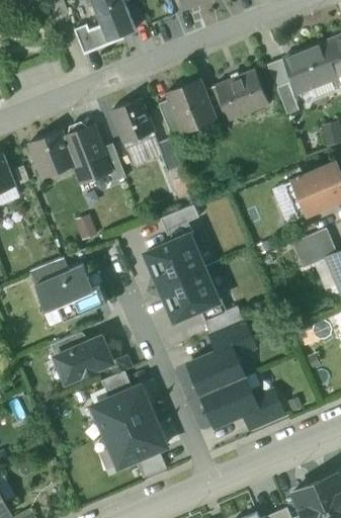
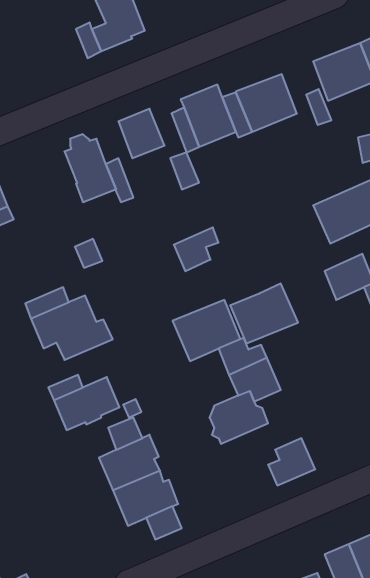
building: [29,131,76,178] -> none
building: [146,234,205,286] -> [230,283,298,343]
building: [202,376,254,422] -> none

